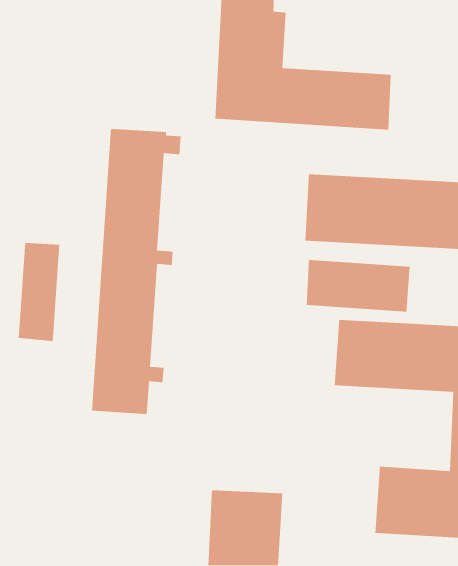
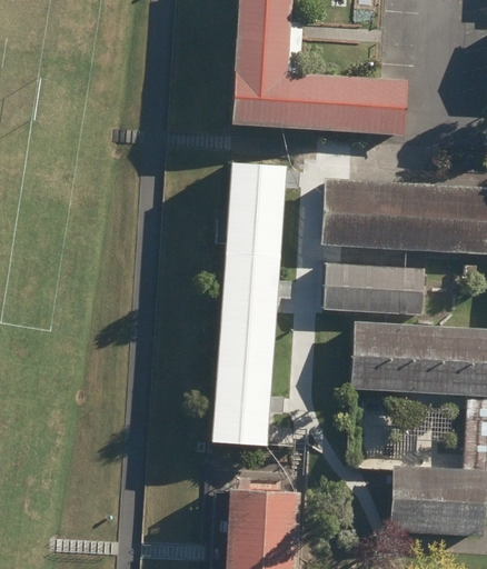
building: [91,128,181,415] -> [212,162,301,445]
building: [18,242,60,342] -> none

